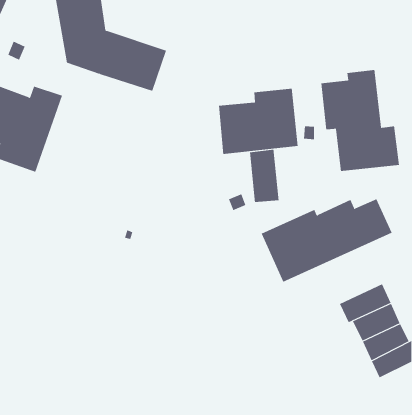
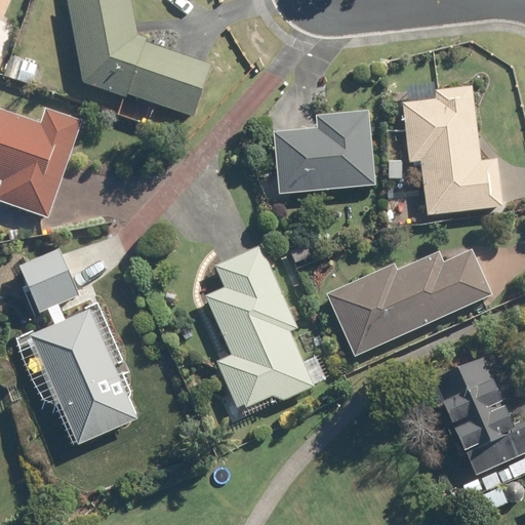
building: [250,149,279,203] -> none
building: none -> [10,244,71,309]
building: none -> [207,245,316,406]
building: none -> [28,310,134,445]

